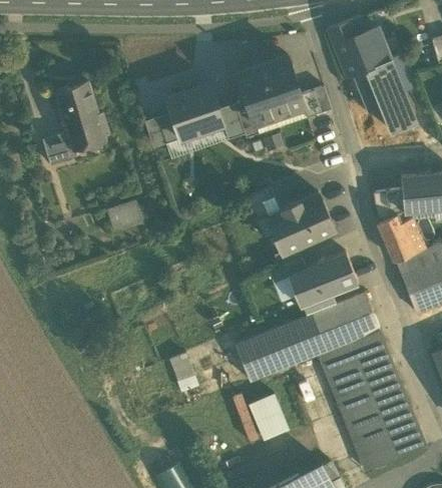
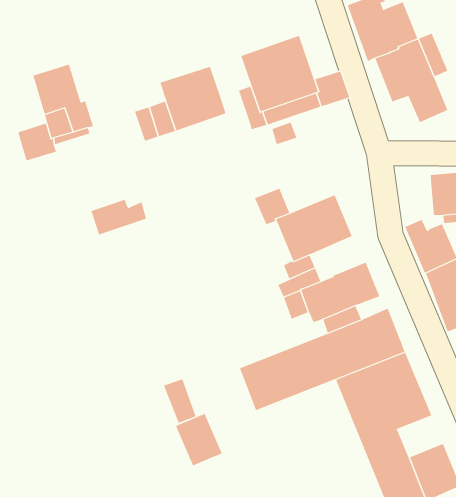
building: [219,103,245,139] -> none
building: [373,188,404,221] -> none
building: [373,385,413,421] -> none
building: [249,393,290,439] -> [175,413,222,466]

